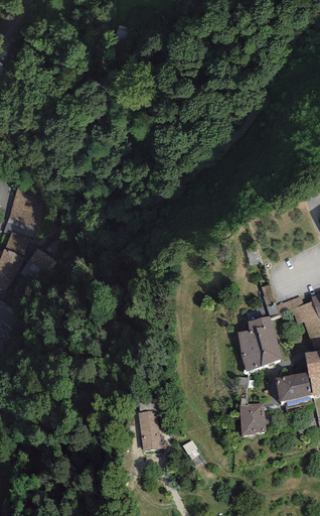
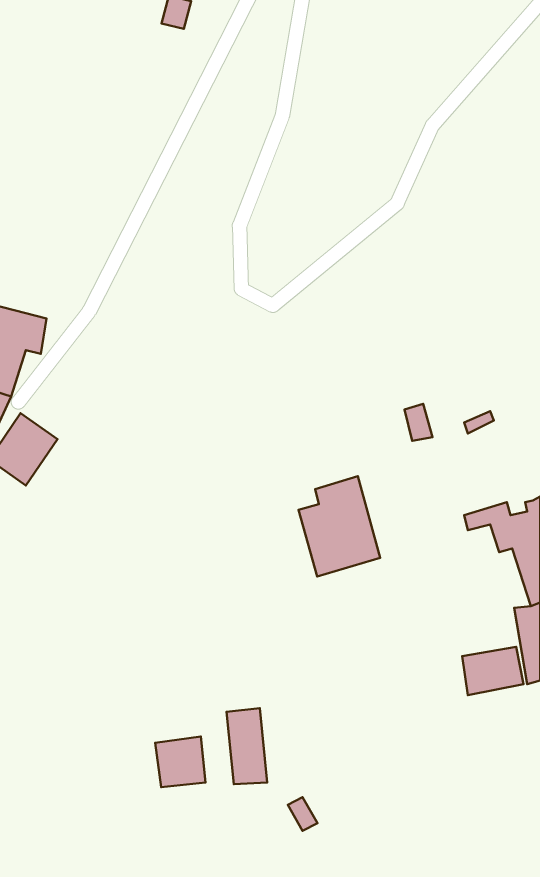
building: [236,315,281,370] -> [299,476,380,576]
building: [241,401,265,435] -> none
building: none -> [155,737,205,787]

